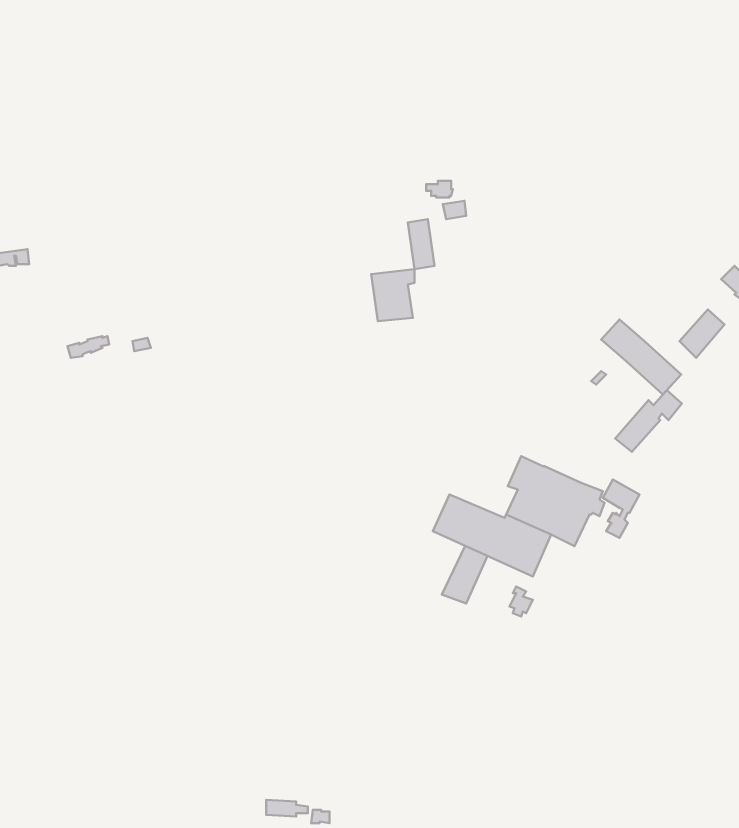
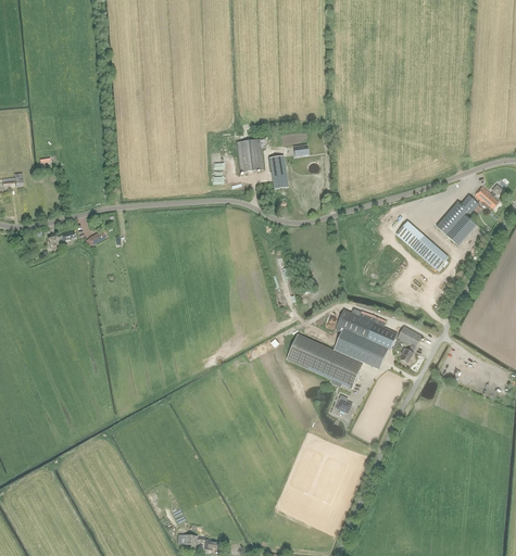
building: [371,269,414,321] -> [236,137,264,170]
building: [615,390,682,452] -> [436,194,479,235]
building: [442,546,487,604] -> none

